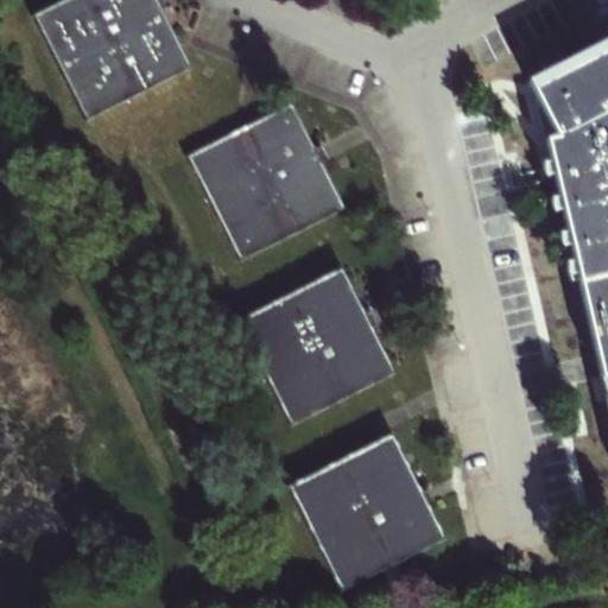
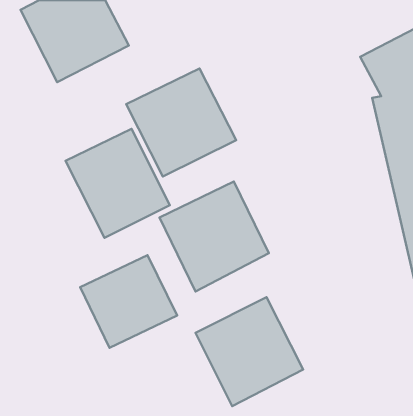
building: none -> [66,129,170,238]
building: none -> [80,255,177,348]

